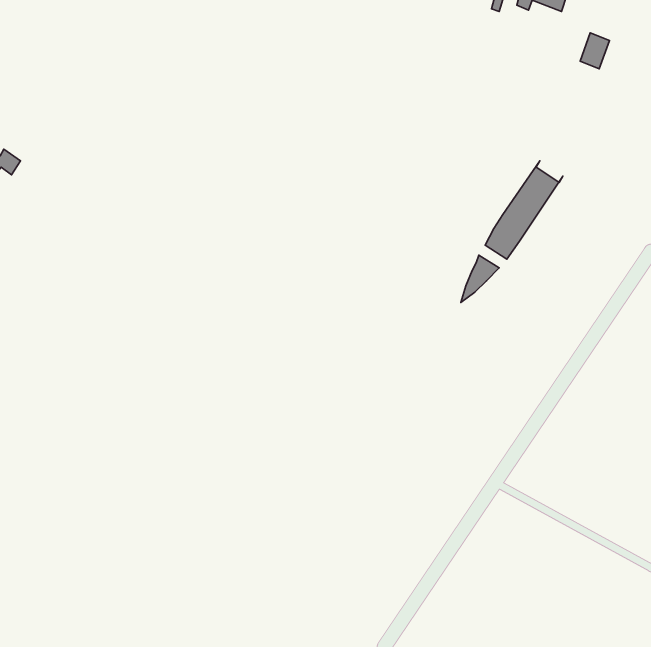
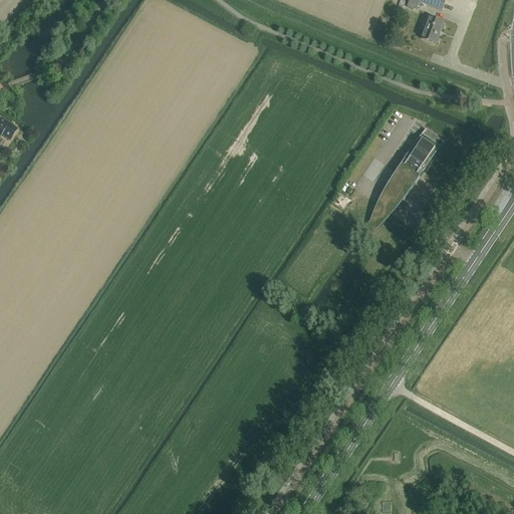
building: [580,33,609,69] -> [421,14,444,42]

